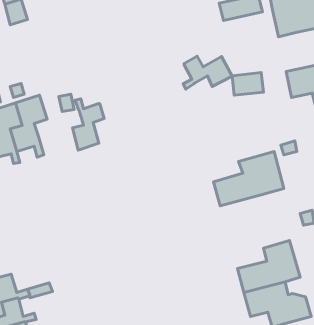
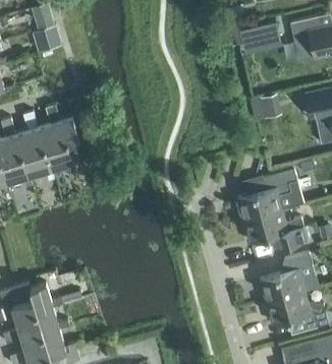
building: [183,56,232,89] -> none
building: [73,99,104,150] -> none
building: none -> [242,210,309,248]

